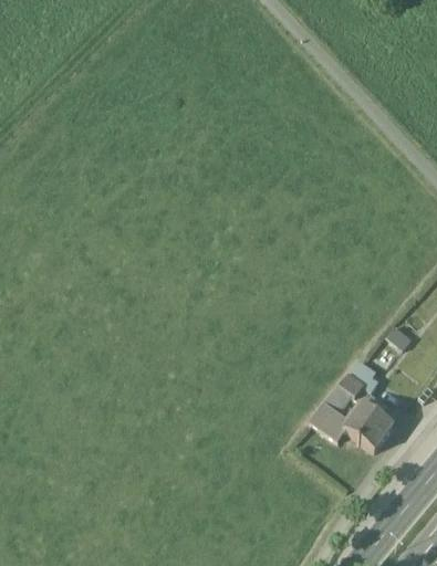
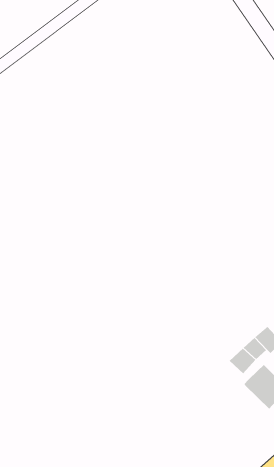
building: [311,401,350,437] -> none

